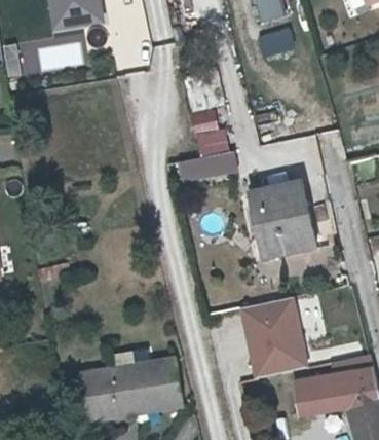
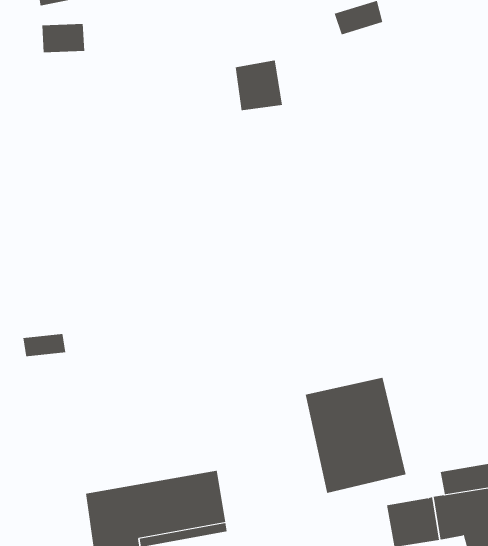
building: [175,108,230,182] -> none
building: [260,184,316,257] -> none

